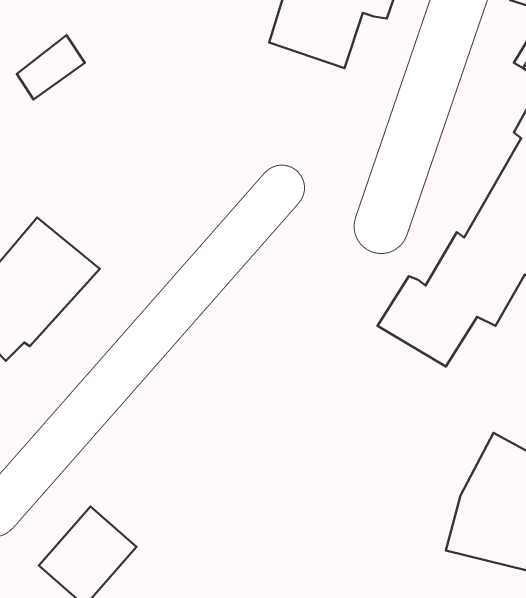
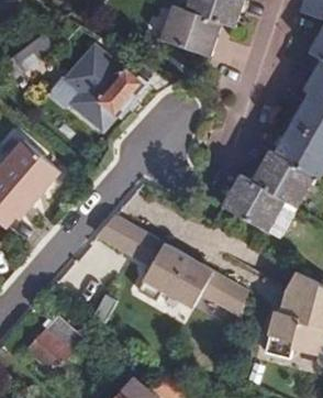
building: none -> [59,43,143,129]
building: none -> [96,215,242,307]

